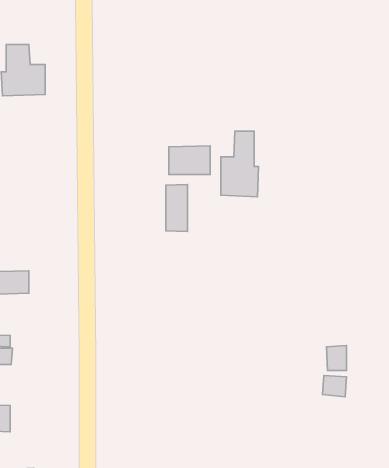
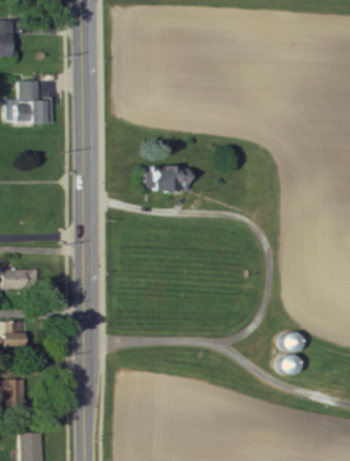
building: [221,131,259,197] -> none
building: [166,184,188,231] -> none

